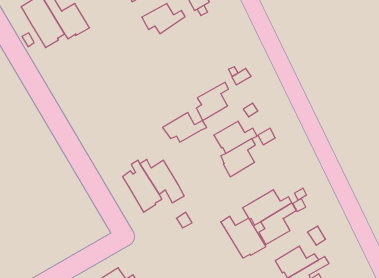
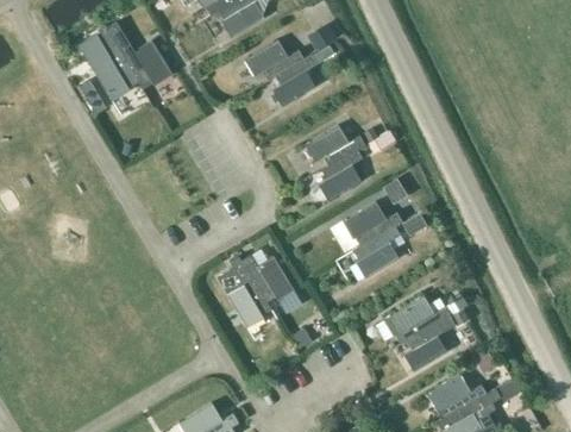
building: none -> [272,54,316,107]
building: [163,113,207,142] -> [305,125,365,165]
building: [221,216,266,258] -> none

